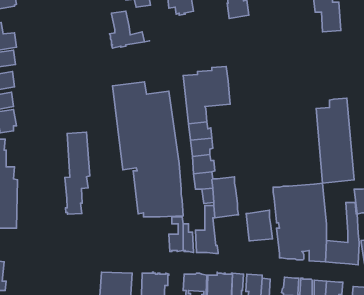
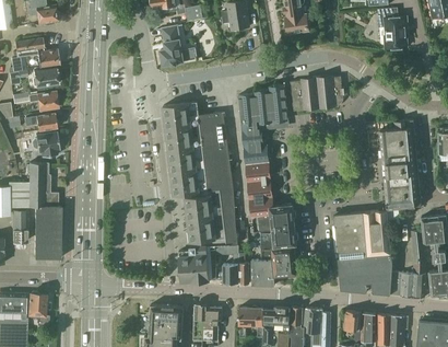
building: none -> [288,76,344,111]
building: [65,132,90,214] -> none
building: [246,210,273,241] -> [269,244,297,277]
building: none -> [178,246,215,282]

